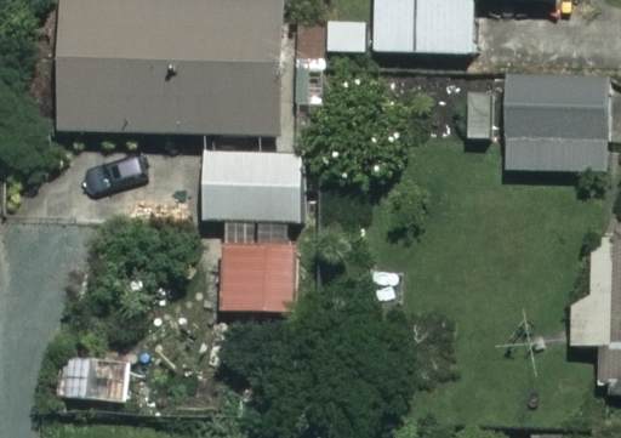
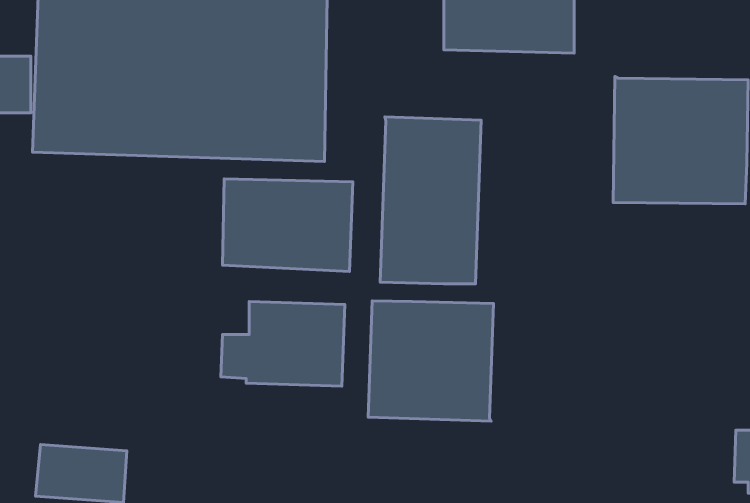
building: none -> [380,117,481,284]
building: none -> [368,301,493,421]

